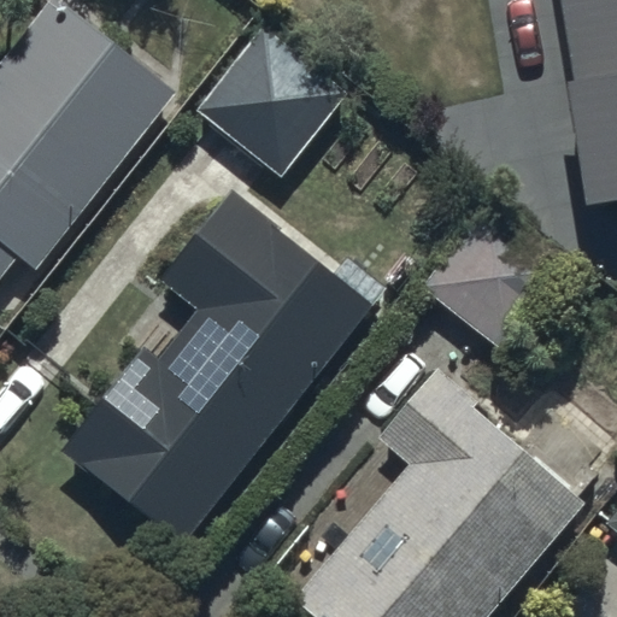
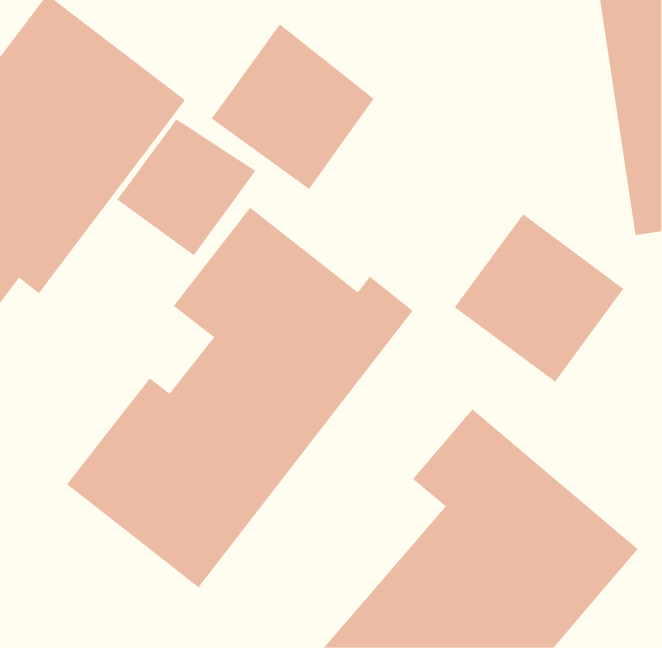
building: none -> [117,118,256,256]

